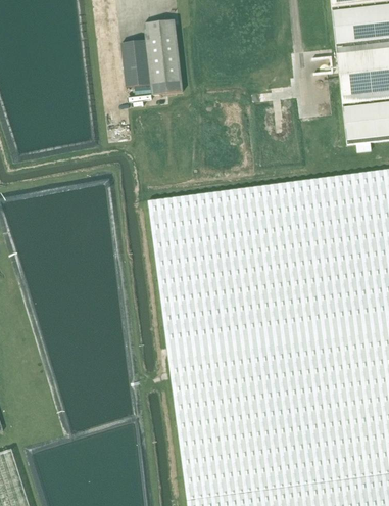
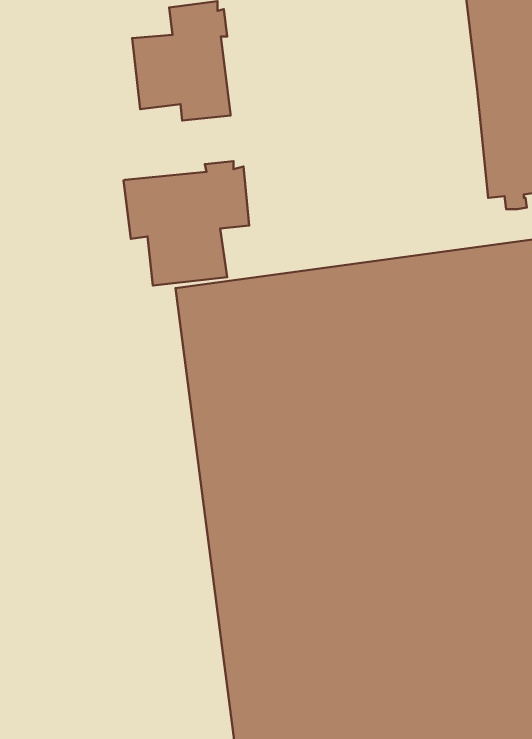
building: none -> [123,161,249,286]

